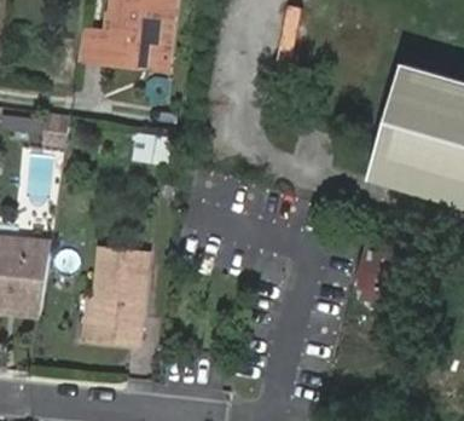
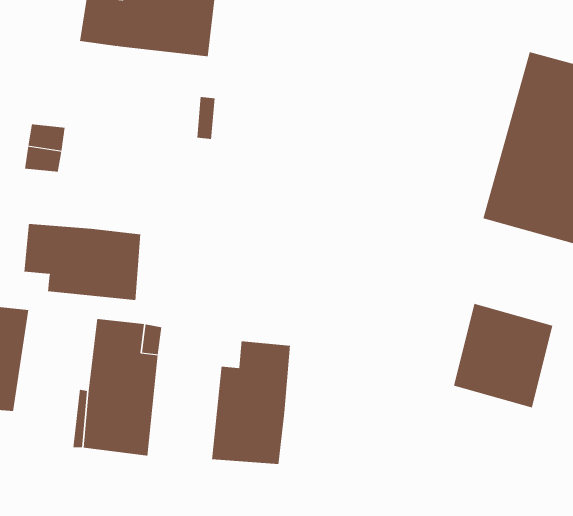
building: none -> [24,223,141,301]
building: none -> [212,340,290,465]

